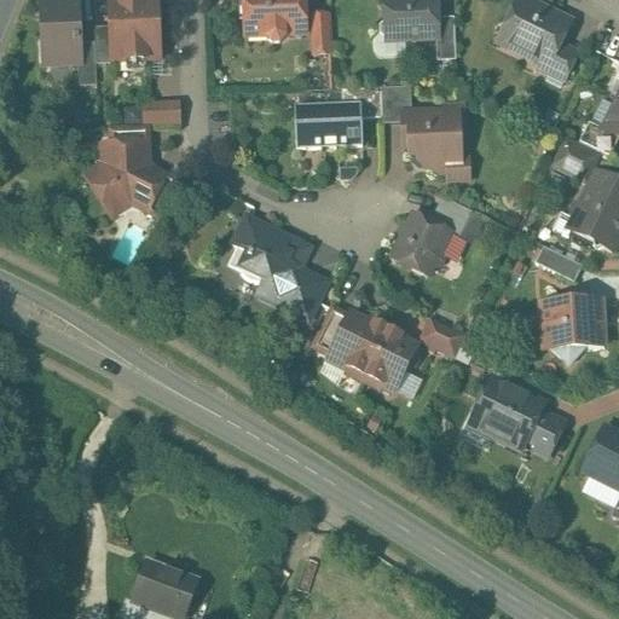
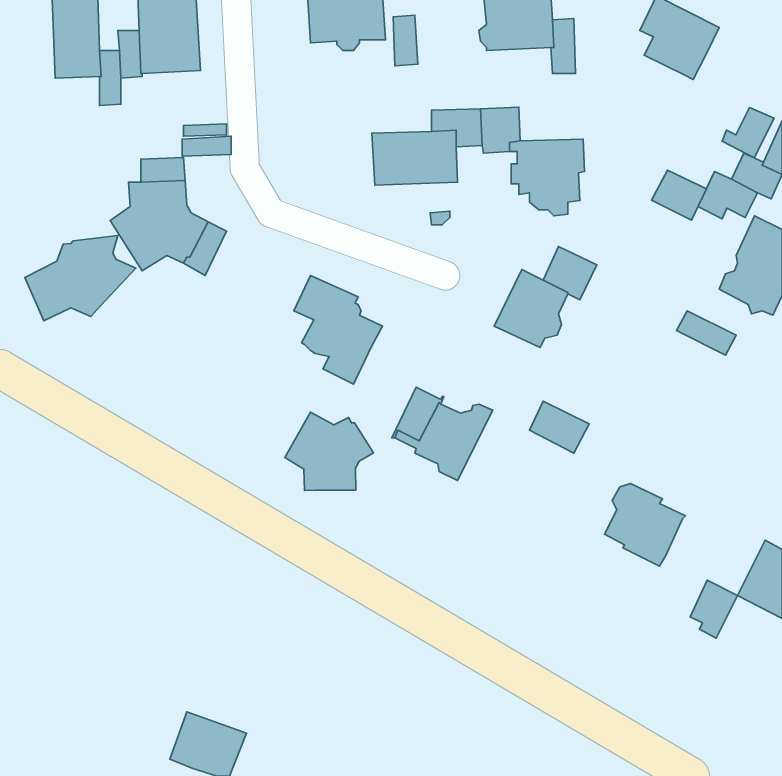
building: [537,41,578,81] -> [722,107,774,158]
building: none -> [652,170,706,220]
building: none -> [25,236,136,321]
building: [279,273,322,317] -> none
building: [534,300,603,364] -> none
building: [361,324,418,391] -> none
building: none -> [285,412,374,491]
building: [526,410,563,456] -> [690,580,738,638]

